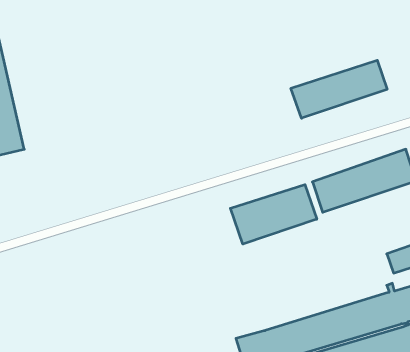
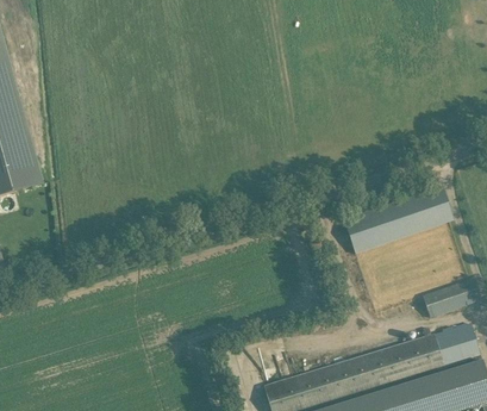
building: [291,60,387,118] -> none
building: [230,185,317,244] -> none

